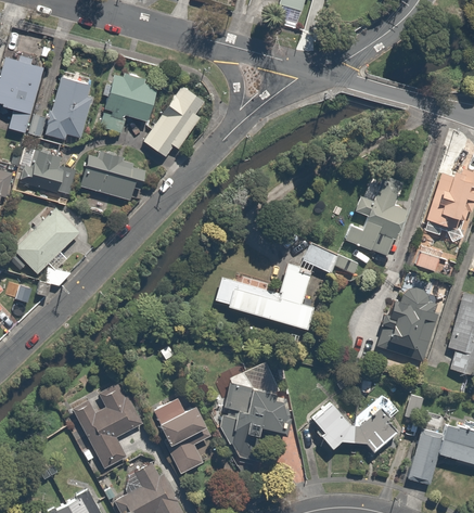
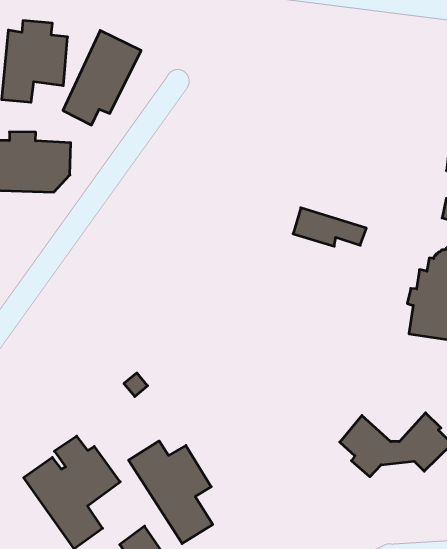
building: [345,176,406,256] -> none
building: [215,262,313,330] -> none
building: [223,361,292,457] -> none

